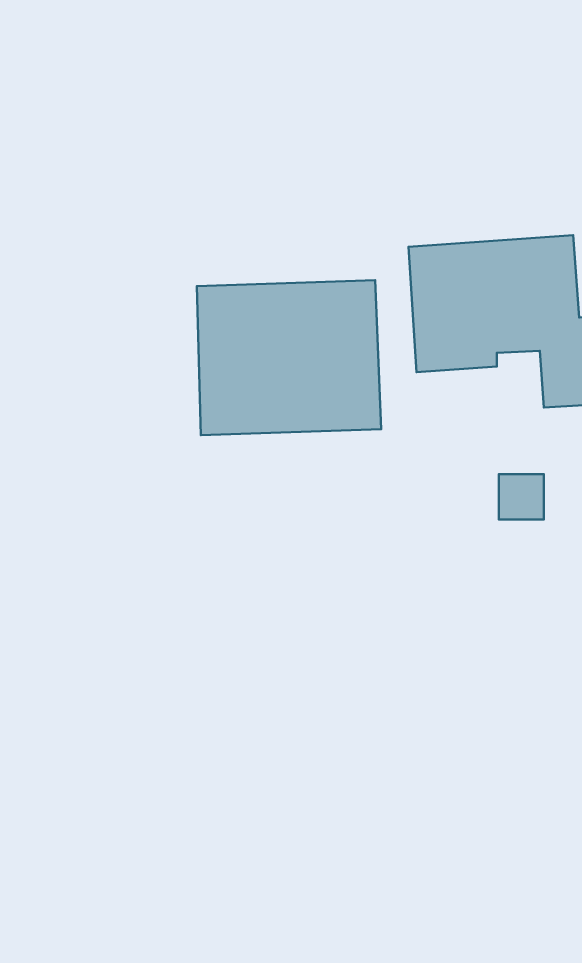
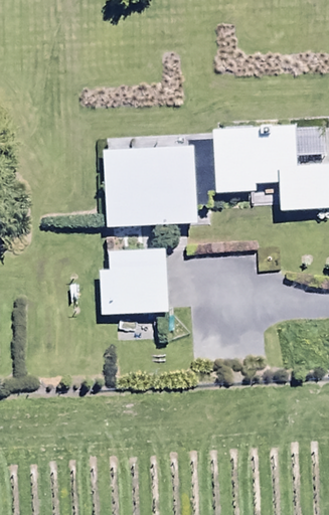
building: none -> [100,247,169,313]

